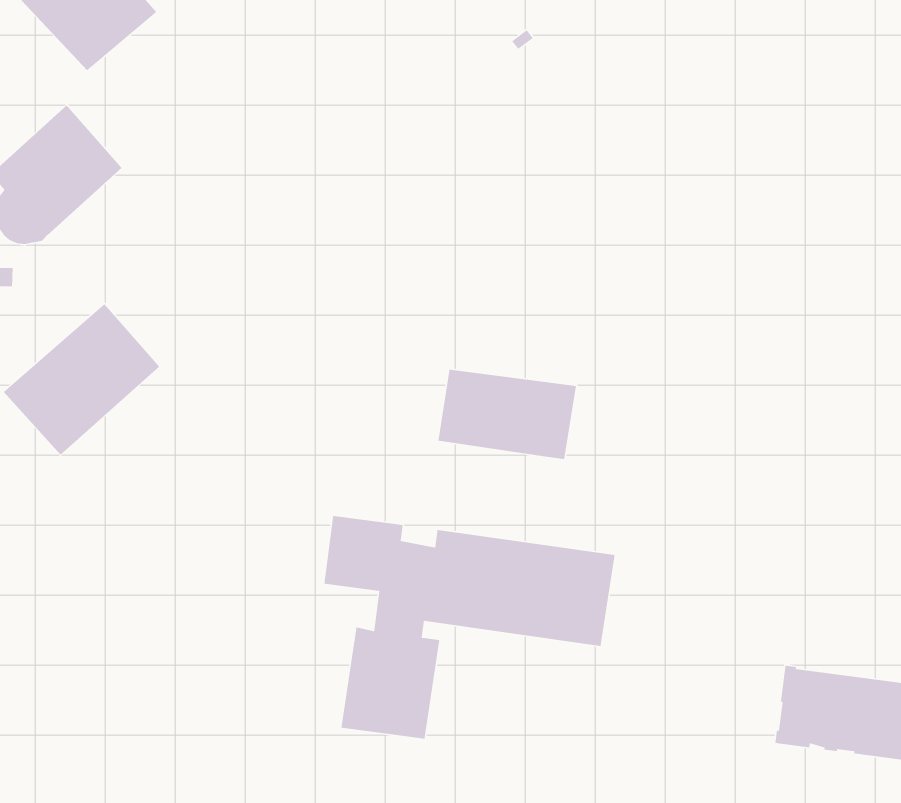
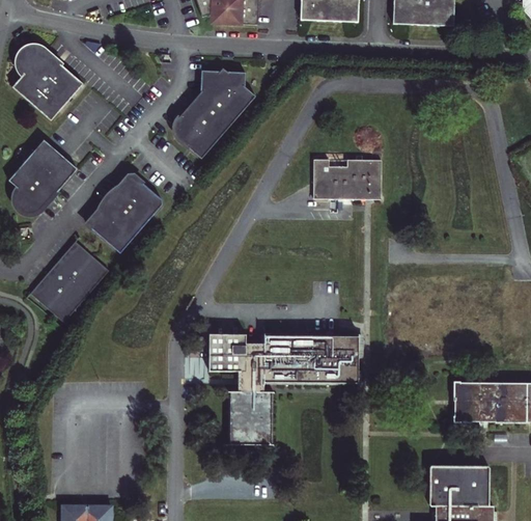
building: none -> [173,67,254,159]
building: none -> [87,175,160,251]
building: [437,369,577,460] -> [312,160,381,199]

